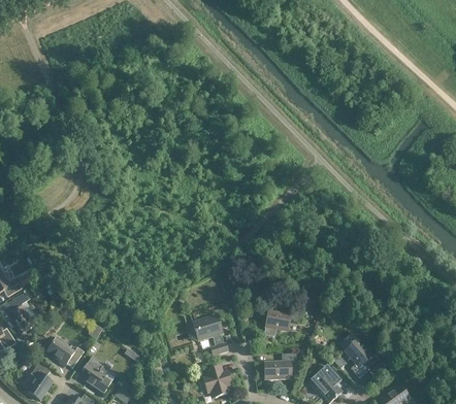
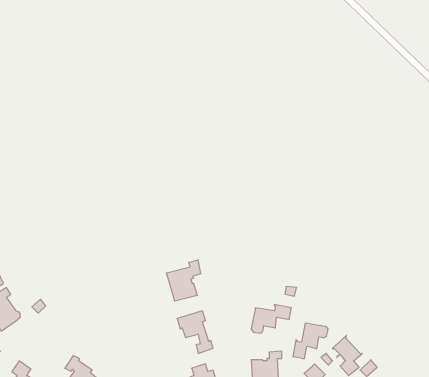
building: none -> [166,260,201,301]
building: none -> [293,323,328,359]
building: [45,335,83,367] -> none

